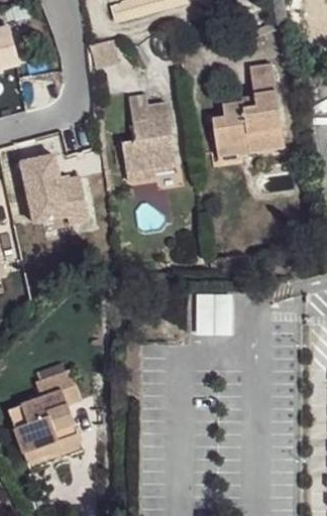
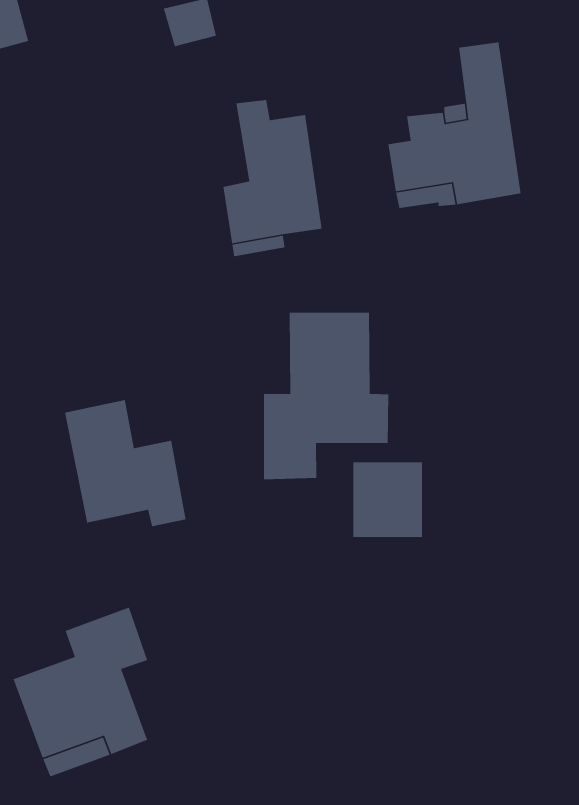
building: [20,157,87,227] -> [64,399,187,527]
building: none -> [263,312,389,480]

